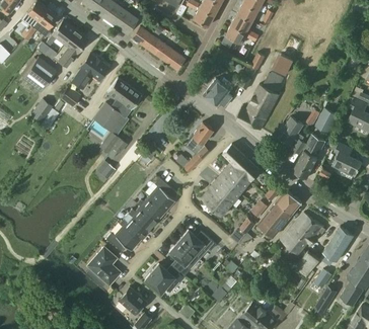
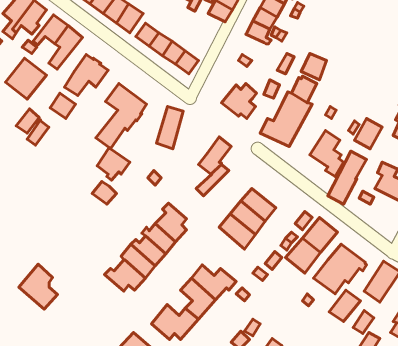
building: none -> [157,107,183,149]
building: [223,144,259,181] -> none
building: [87,246,120,283] -> [19,264,57,309]

